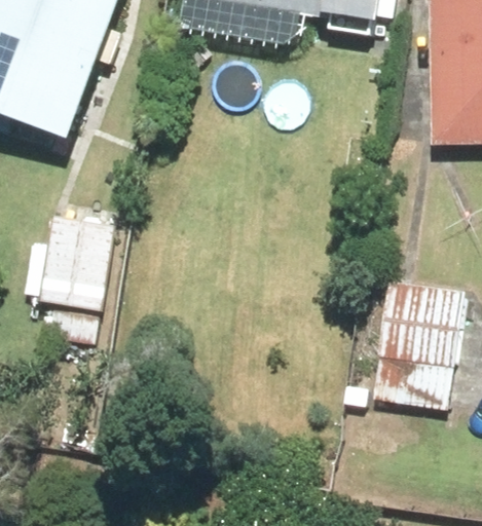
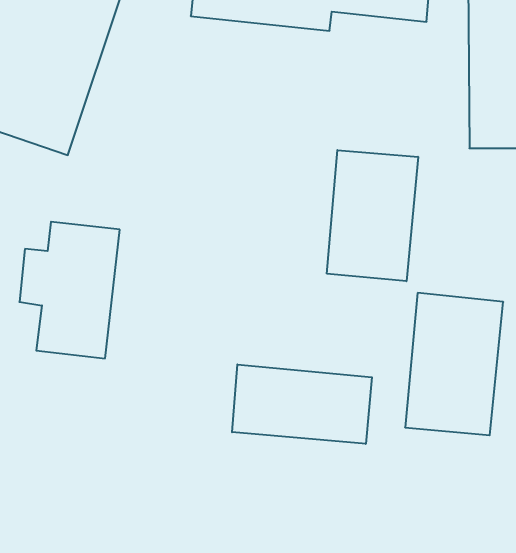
building: none -> [327,150,418,281]
building: none -> [232,364,372,444]

